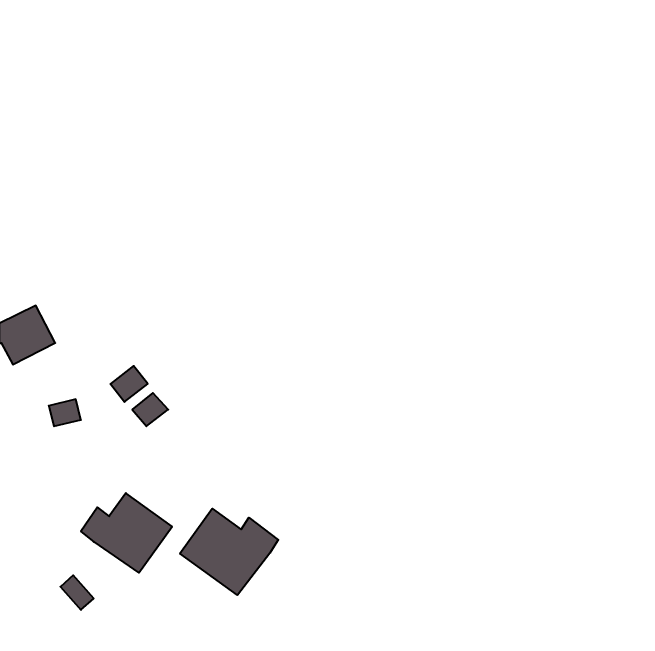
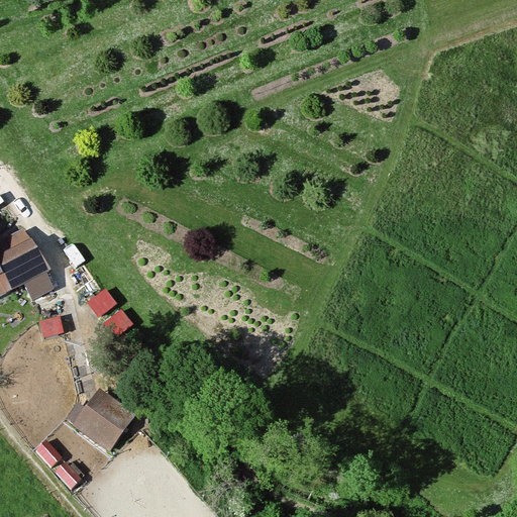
building: [180,509,278,595] -> none

